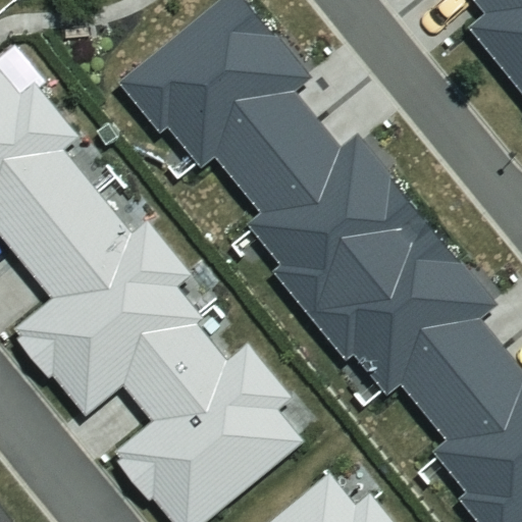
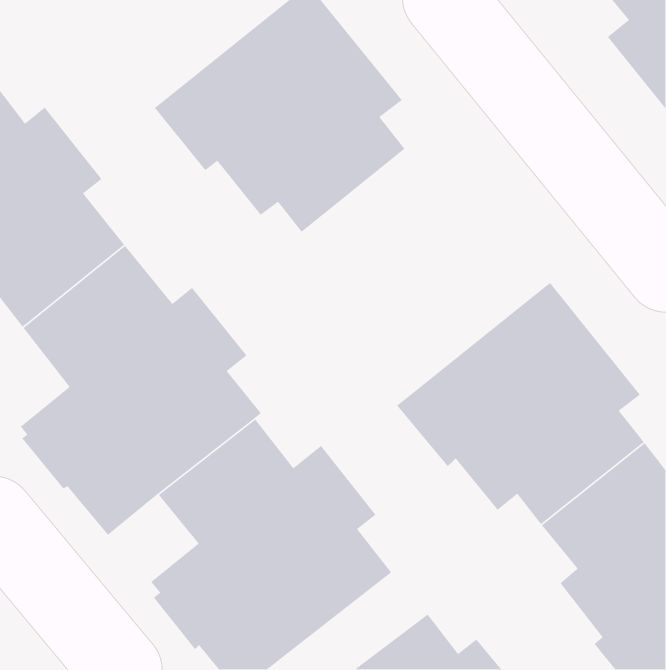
building: [233,115,426,314] -> none

